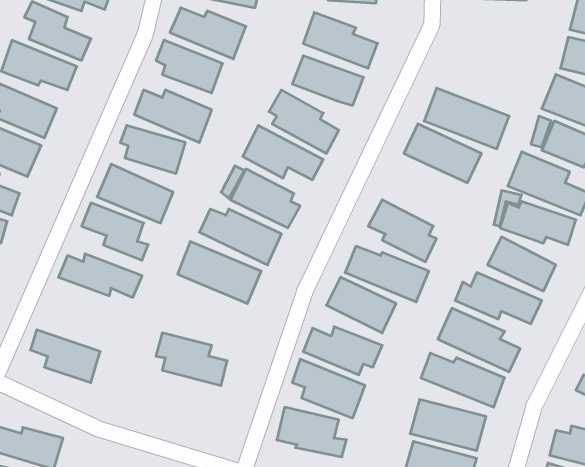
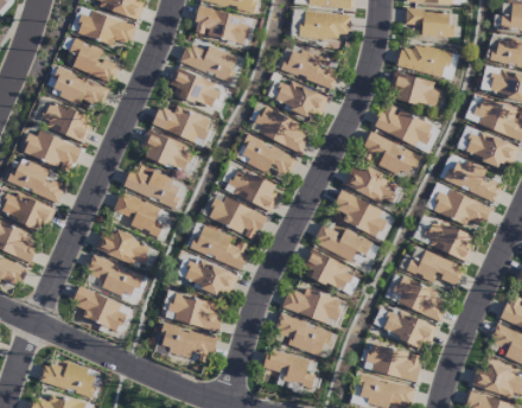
building: none -> [396,43,453,77]
building: none -> [388,72,443,108]
building: none -> [343,166,399,203]
building: none -> [85,255,145,301]
building: none -> [177,257,238,294]
building: none -> [155,324,216,364]

